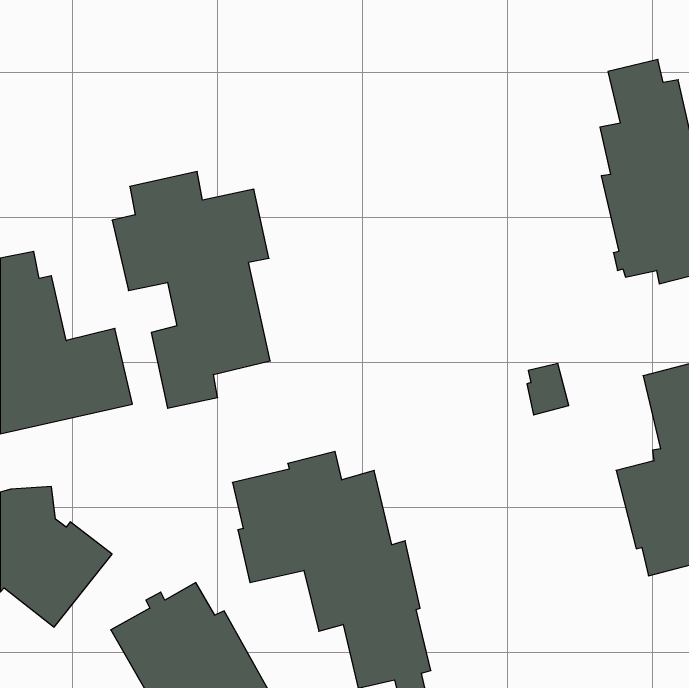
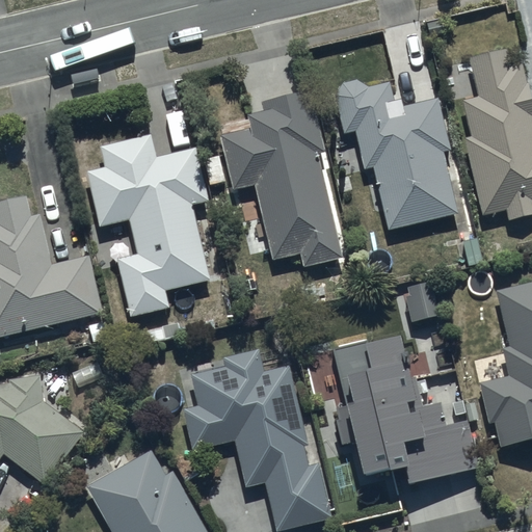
building: none -> [336,80,458,230]
building: none -> [220,89,343,267]
building: none -> [315,323,450,507]

